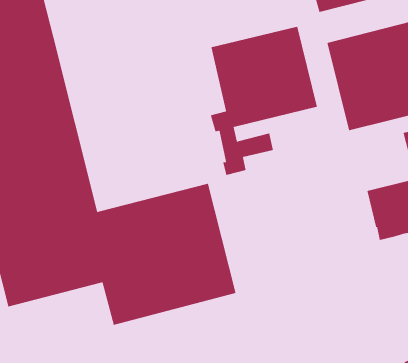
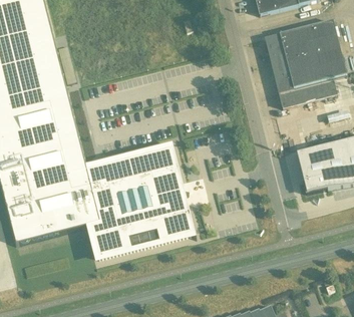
building: [210,26,318,176] -> none

